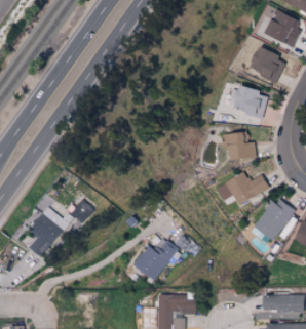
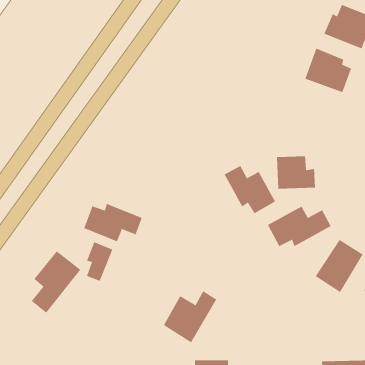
building: [229,85,269,117] -> none
building: none -> [224,165,276,214]
building: none -> [83,203,143,242]

